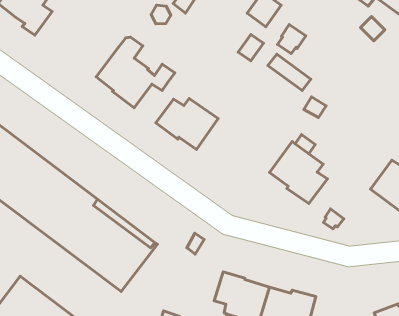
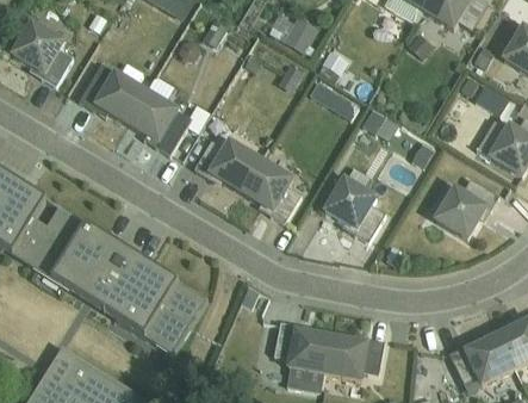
building: none -> [79,69,147,124]
building: none -> [241,157,300,222]

